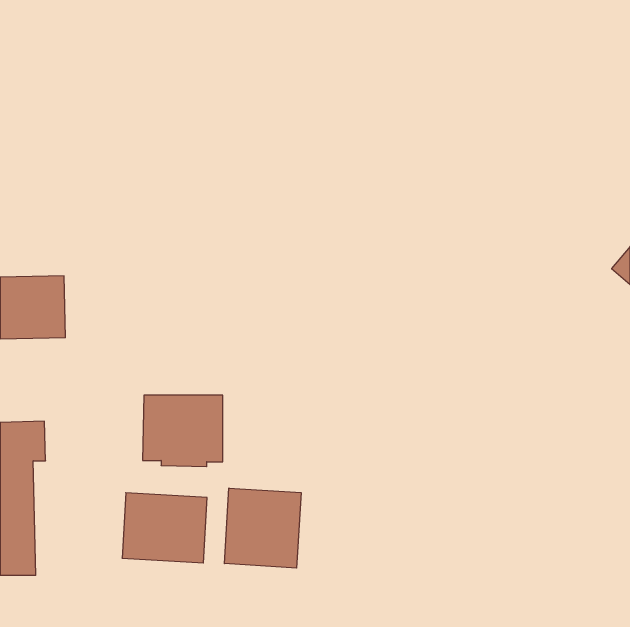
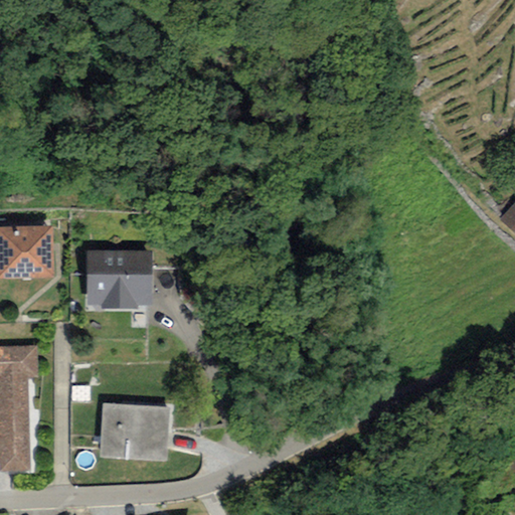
building: [143,395,223,467] -> [85,249,151,308]
building: [224,488,301,568] -> none

